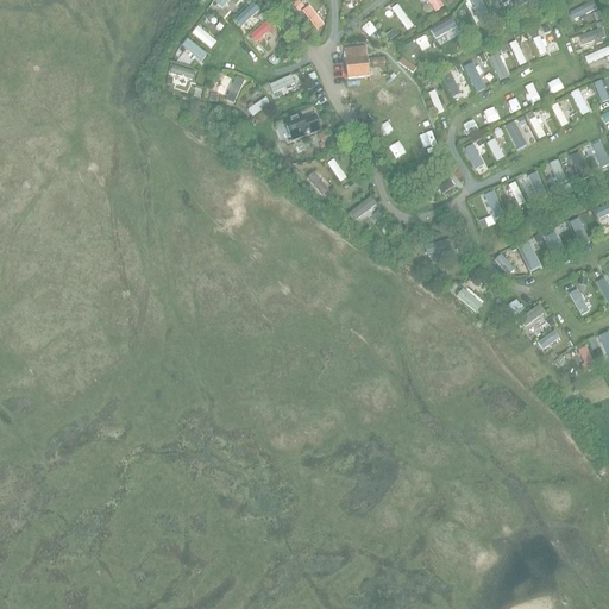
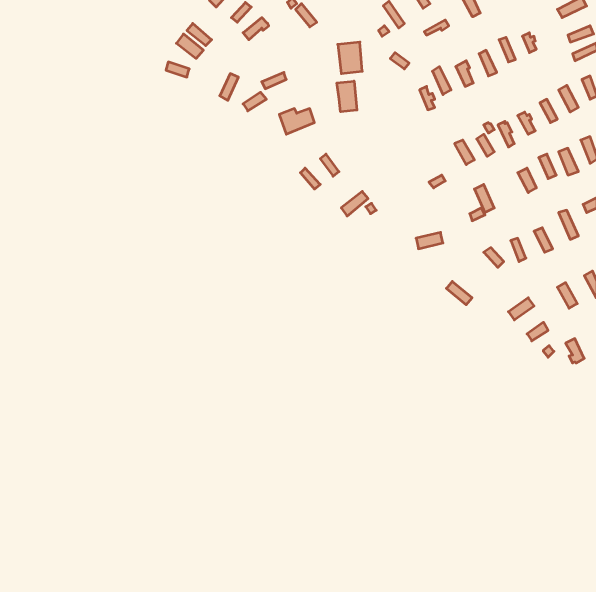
building: none -> [337,81,357,112]

